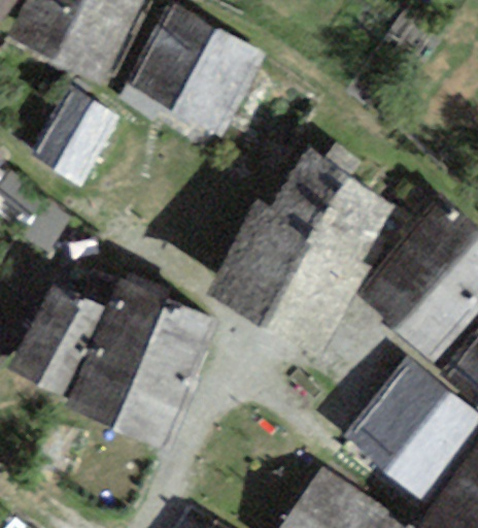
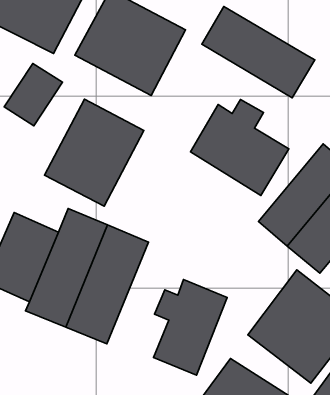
building: none -> [202,6,315,98]
building: none -> [45,99,144,206]
building: [205,200,368,355] -> none
building: none -> [153,279,227,375]

